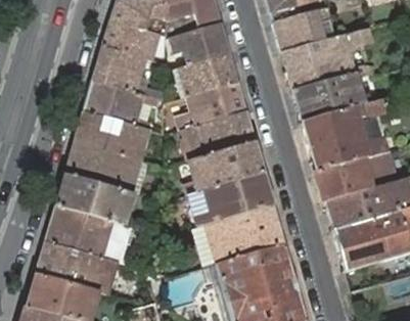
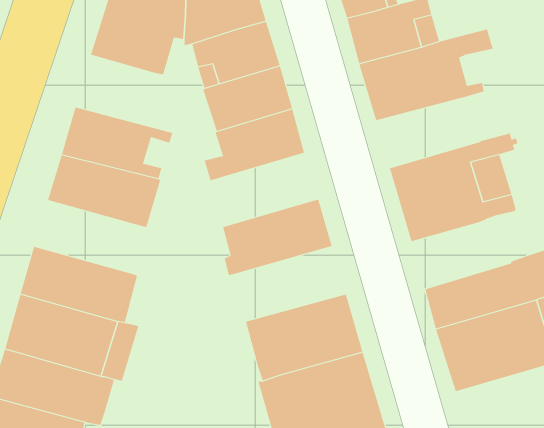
building: [92,45,164,99] -> none
building: [292,73,363,121] -> none
building: [183,110,255,159] -> none
building: [64,142,140,191] -> none
building: [316,149,394,201] -> none
building: [187,173,273,225] -> none

